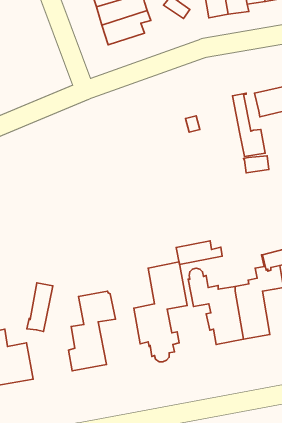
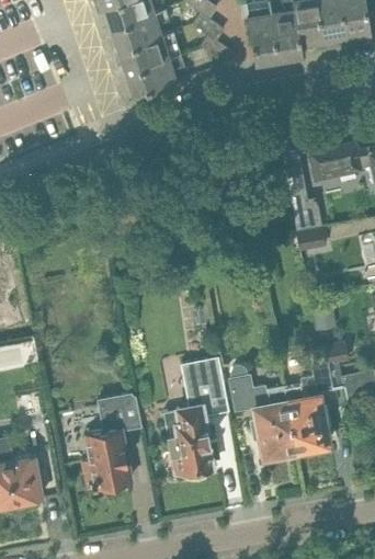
building: [176,241,222,265] -> none
building: [27,283,53,332] -> none

